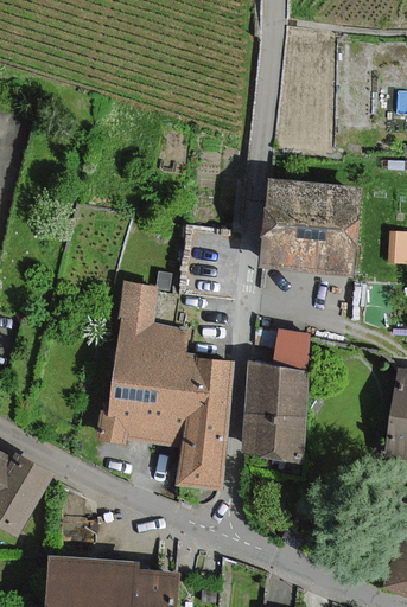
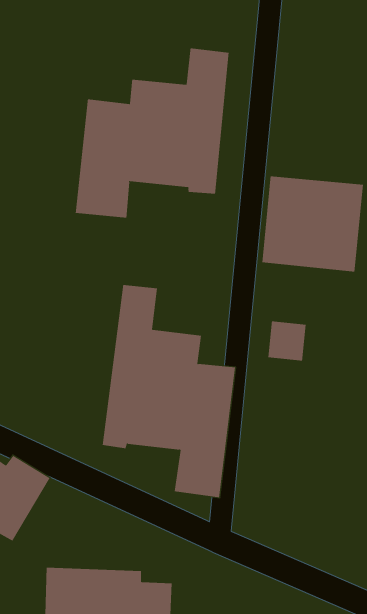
building: none -> [75,48,229,219]
building: [244,359,306,461] -> none

